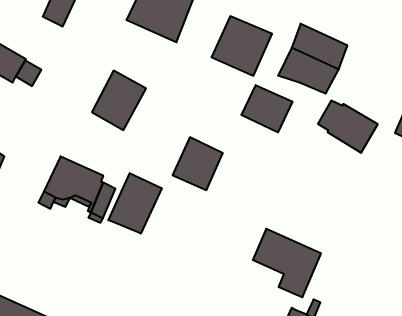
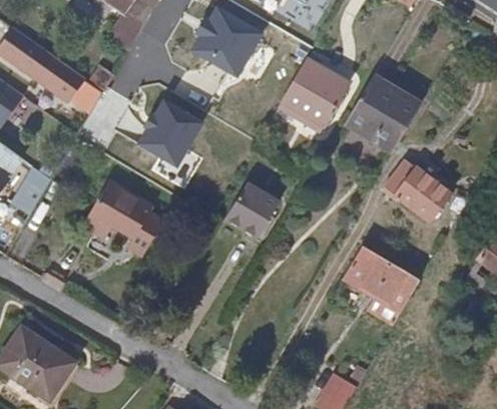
building: [241,85,292,132] -> none
building: [108,173,162,234] -> none
building: [253,229,321,297] -> [345,246,418,323]

